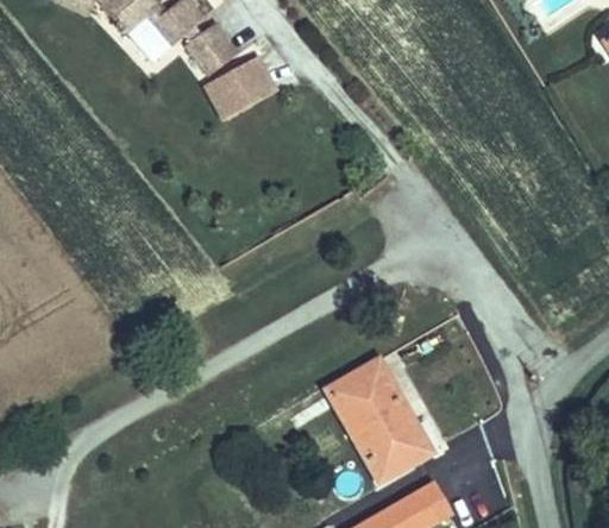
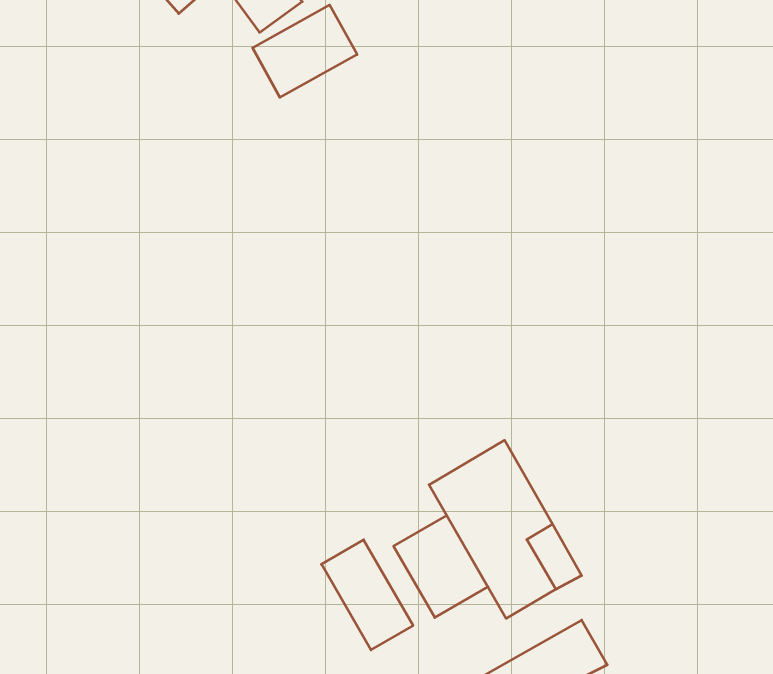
building: none -> [394,515,488,618]
building: none -> [321,540,413,650]

